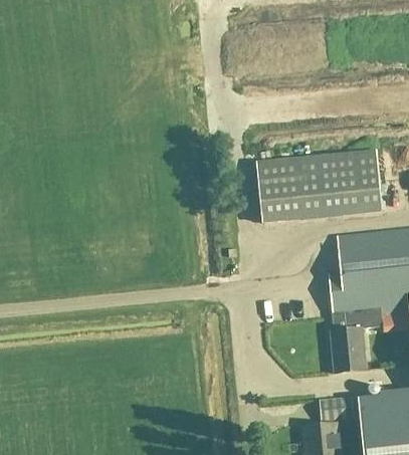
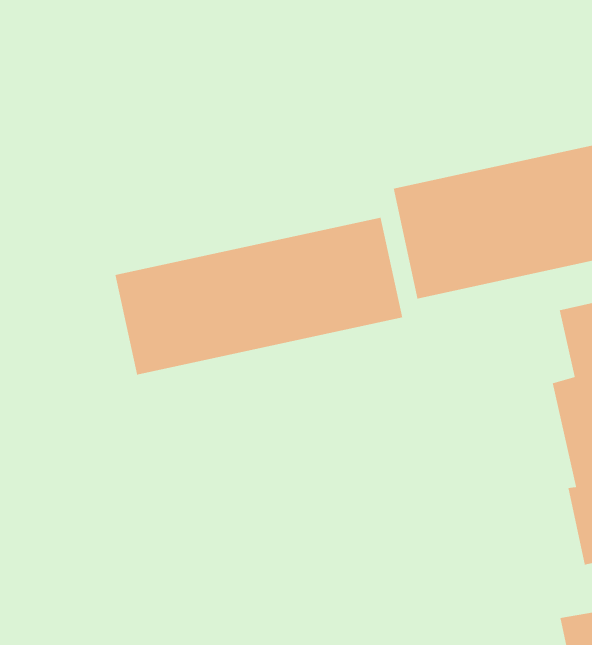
building: none -> [115,217,403,376]

